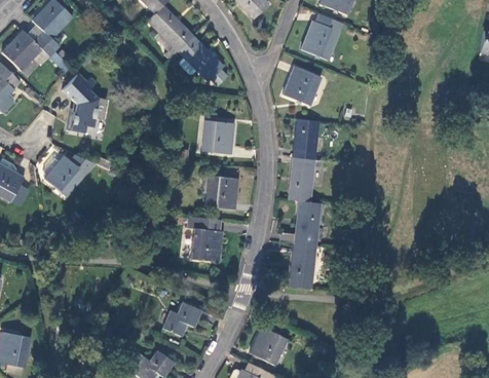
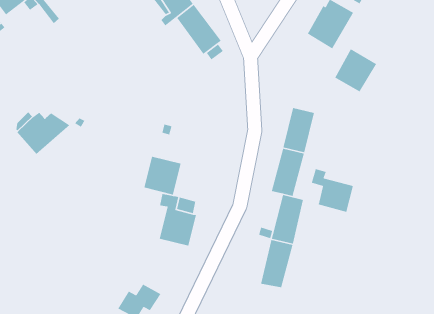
building: [284,66,322,106] -> [334,48,377,93]
building: [63,75,107,133] -> none
building: [202,121,234,154] -> none
building: none -> [311,168,354,213]
building: [206,176,238,210] -> [144,156,181,195]

